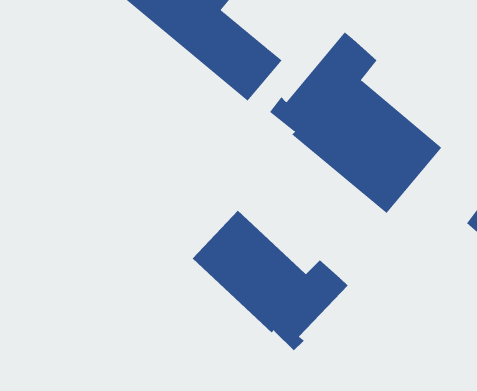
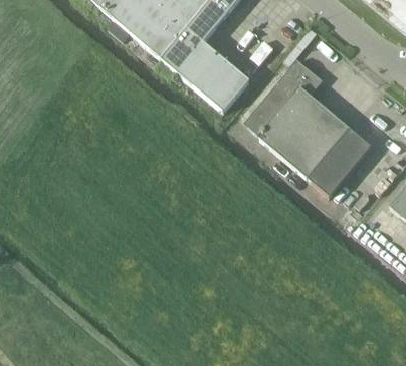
building: [192,210,349,351] -> none

